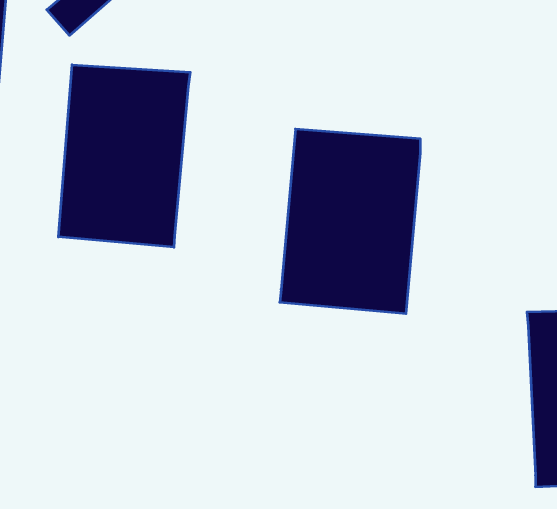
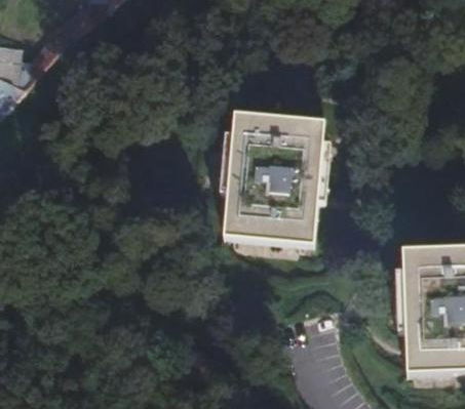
building: [58,65,190,247] -> none

